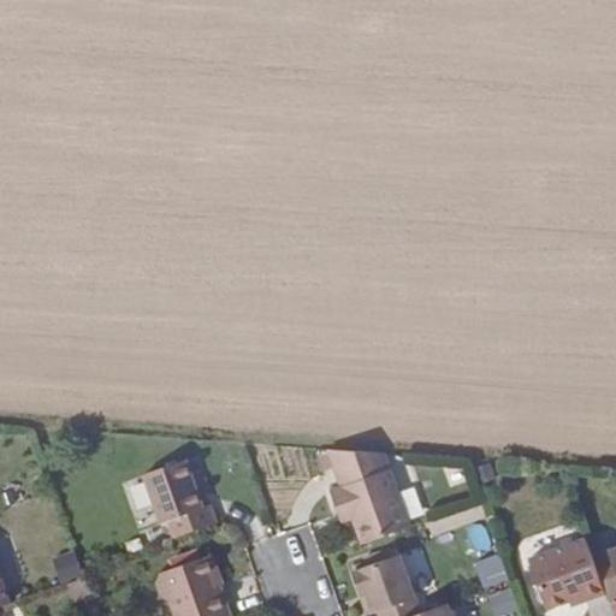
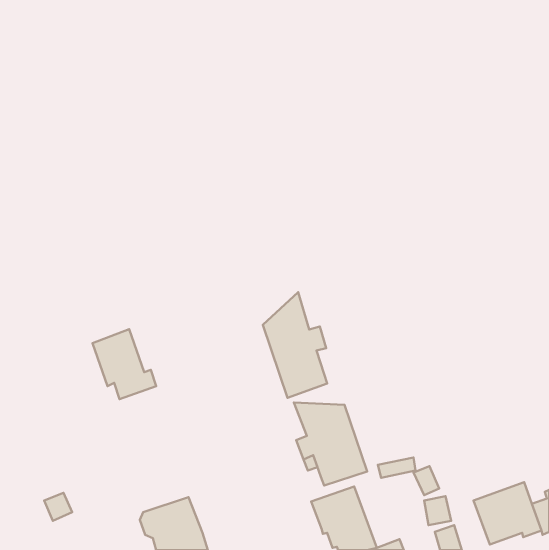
building: none -> [263,292,327,398]
building: [144,460,215,538] -> [93,329,156,399]

